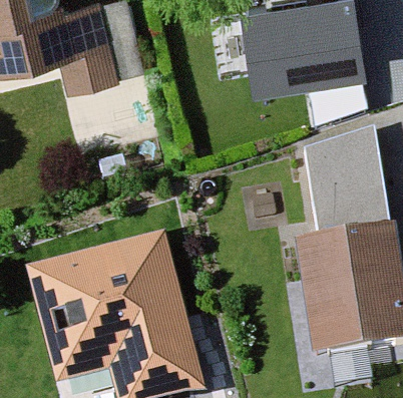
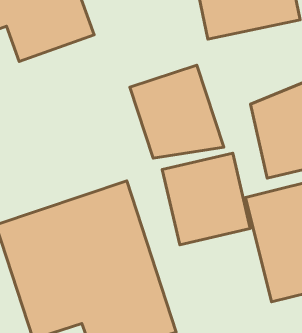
building: none -> [130,65,224,158]
building: none -> [162,153,250,245]

